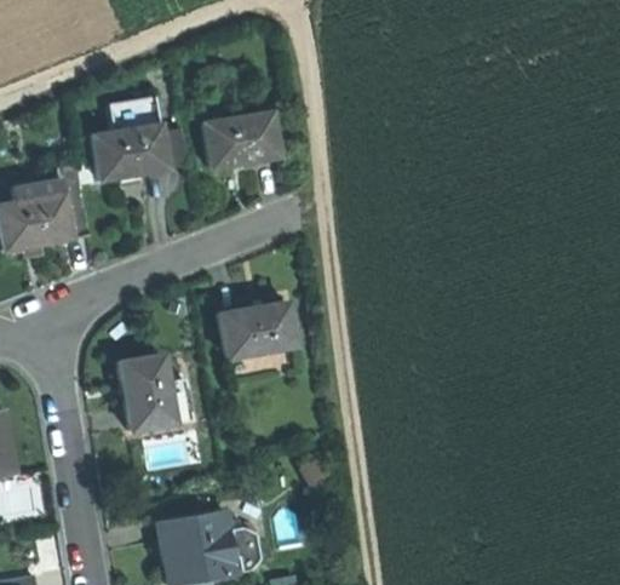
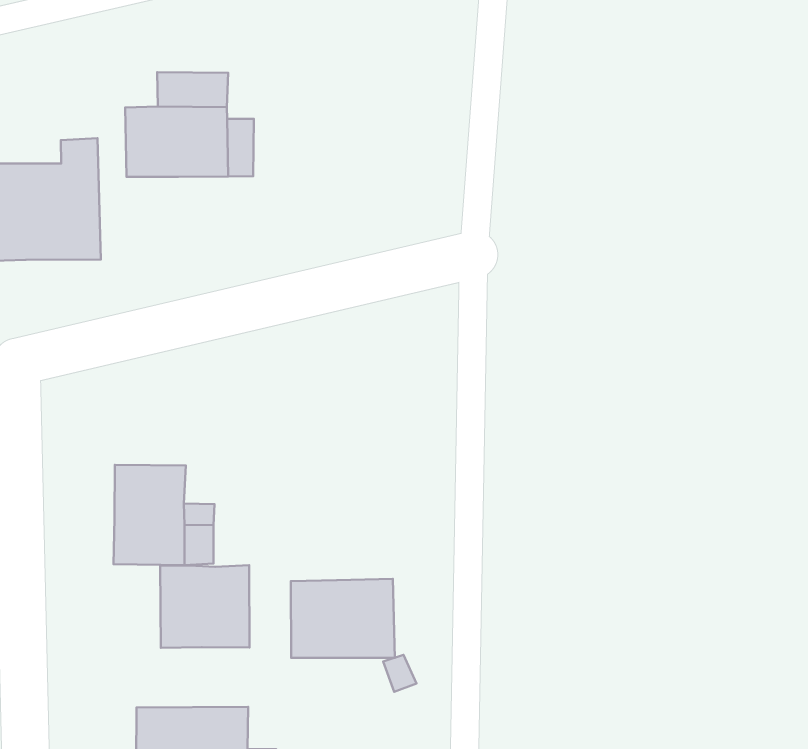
building: [202,115,279,172] -> none
building: [218,297,291,356] -> [291,579,395,658]
building: none -> [160,565,250,648]

